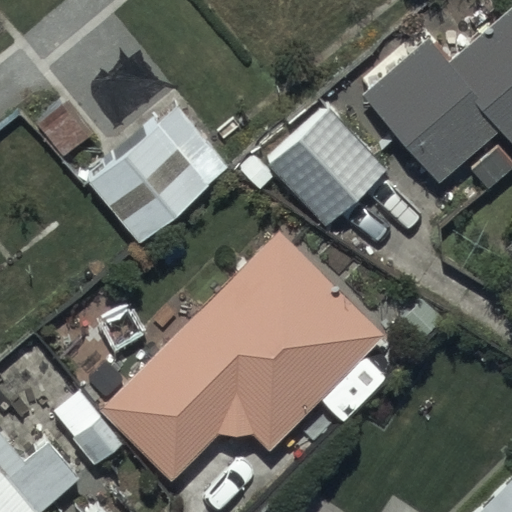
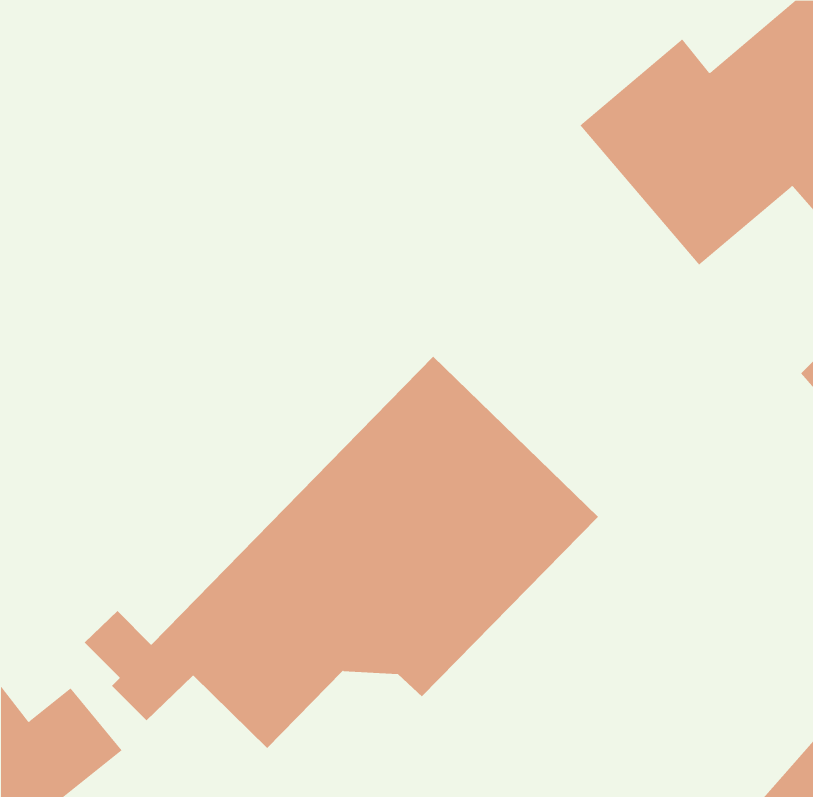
building: [79,109,226,256] -> none
building: [268,110,388,229] -> none

